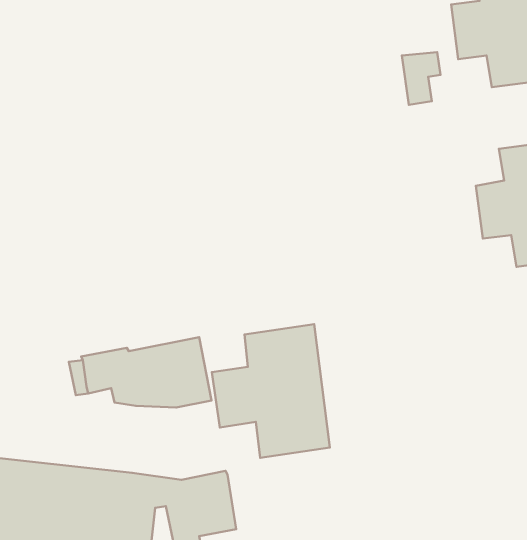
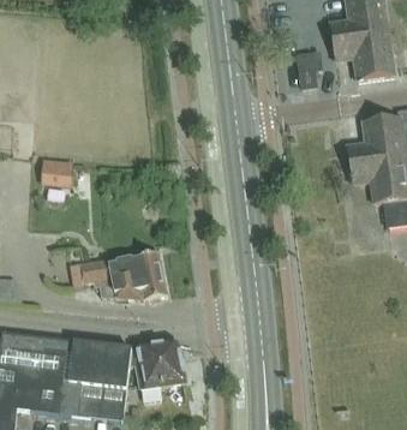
building: none -> [40,159,72,186]
building: [212,324,330,458] -> none

